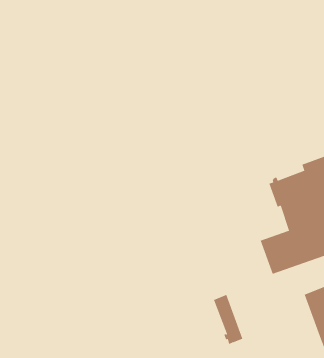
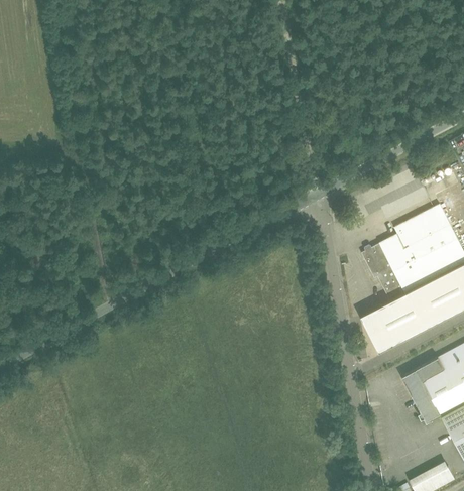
building: [213,294,243,344] -> [402,369,441,423]

